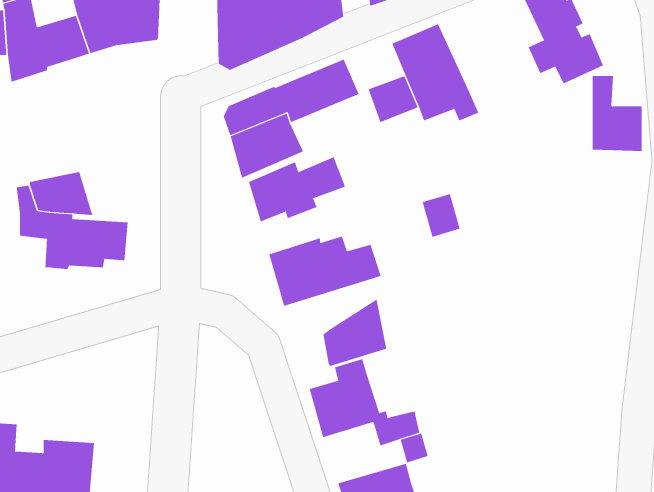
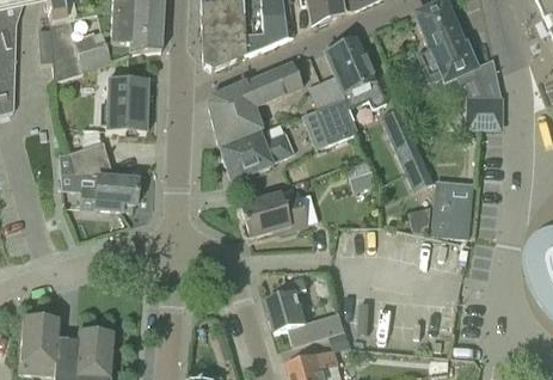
building: none -> [105,76,147,130]
building: none -> [301,97,357,147]
building: none -> [382,108,473,237]
building: [323,299,387,367] -> none

